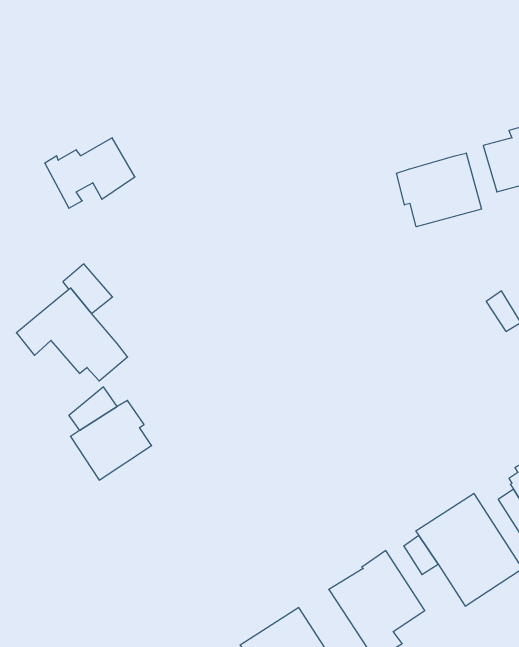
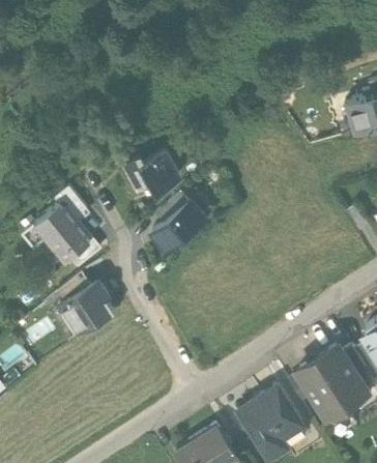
building: [45,138,135,208] -> [118,149,180,198]
building: [397,153,482,227] -> none
building: none -> [152,200,203,248]

